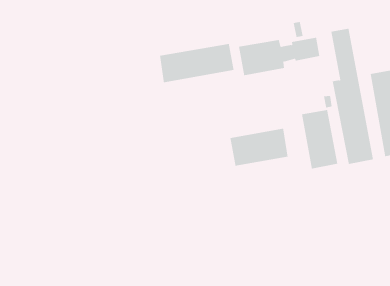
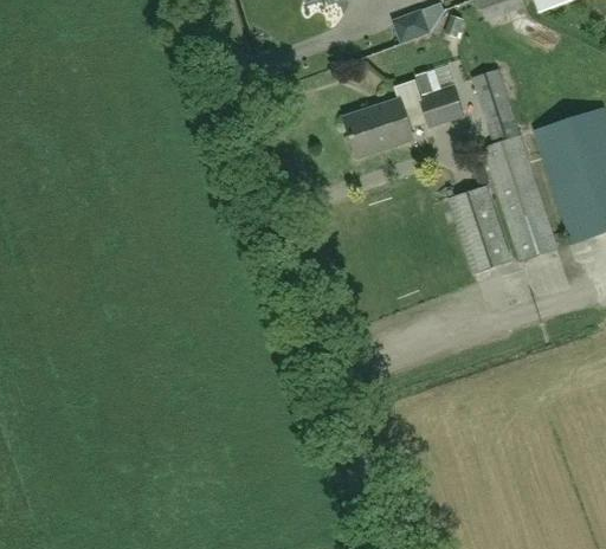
building: [159,43,234,83] -> none
building: [230,128,288,166] -> none

